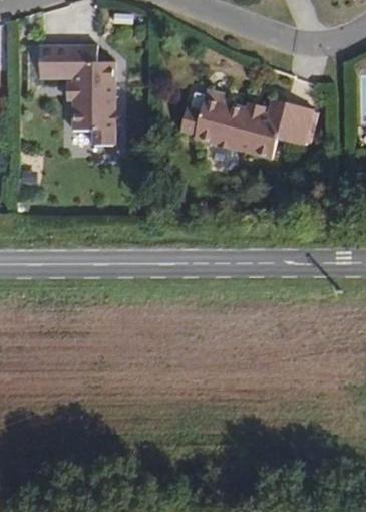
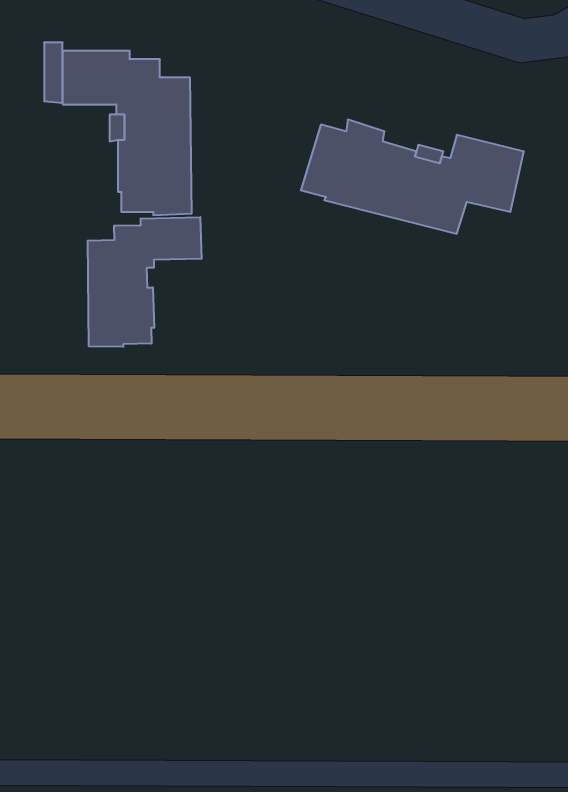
building: none -> [88,217,201,347]

